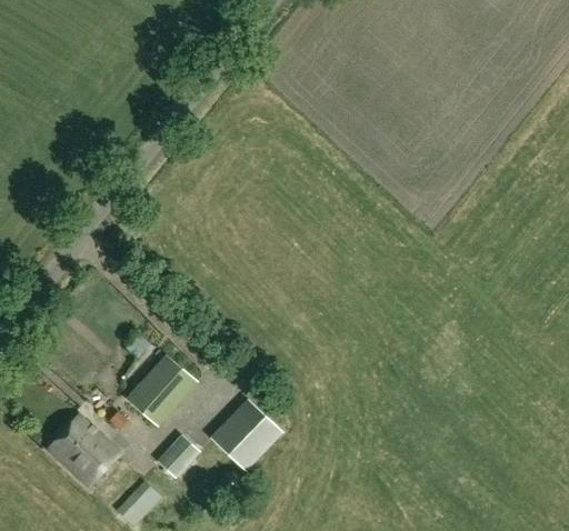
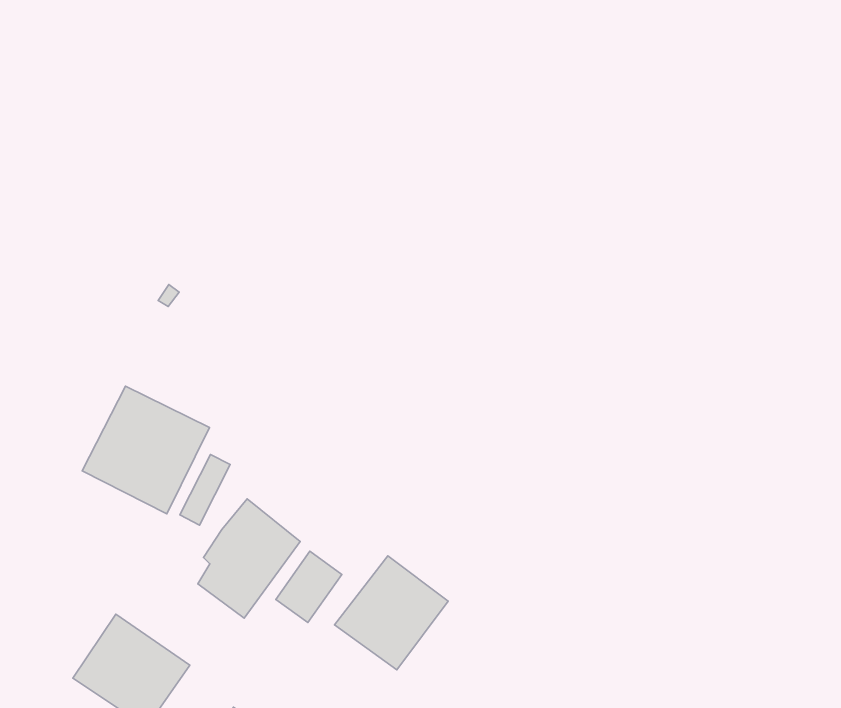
building: none -> [82,386,209,514]
building: [157,433,199,477] -> [276,551,342,623]

